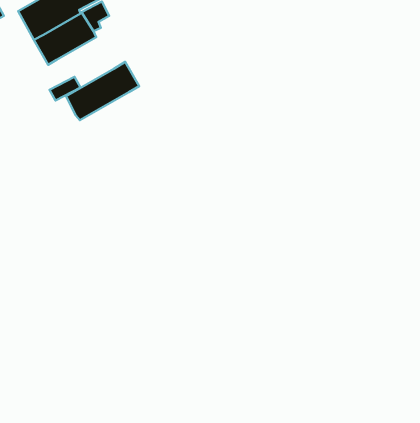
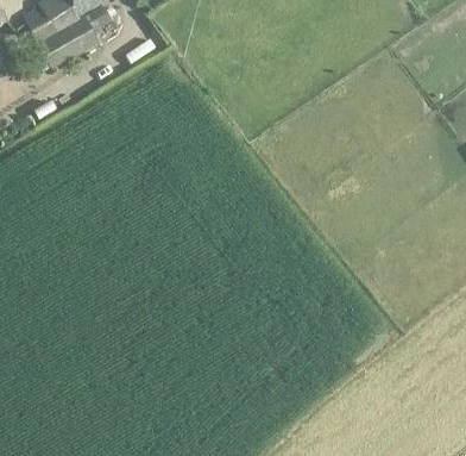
building: [66,62,139,120] -> none

